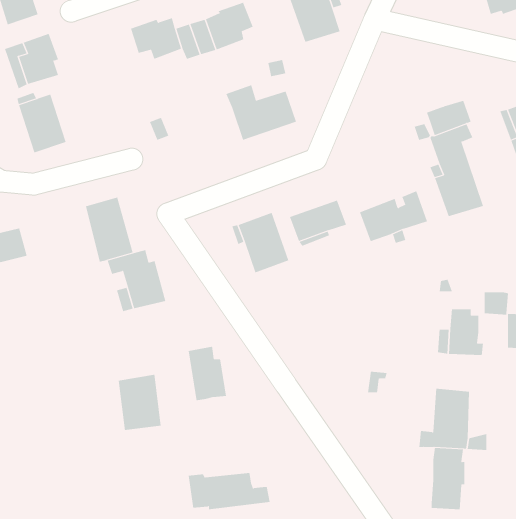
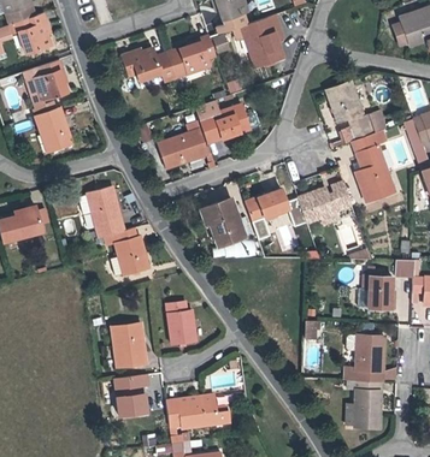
building: none -> [326,81,363,121]
building: none -> [159,130,213,168]
building: none -> [116,375,148,415]

